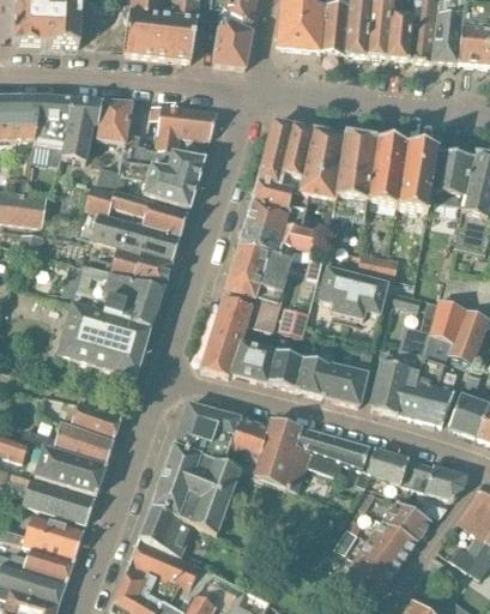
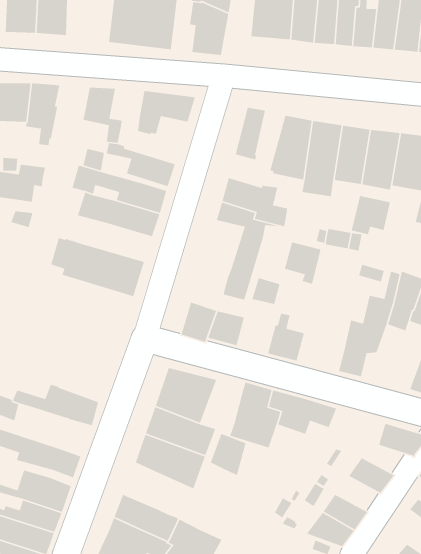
building: [62,98,103,162] -> none
building: [283,126,314,179] -> none
building: [134,145,204,183] -> none
building: [253,174,292,209] -> none
building: [225,245,270,297] -> none
building: [92,247,171,289] -> none
building: [344,276,387,319] -> [351,195,391,235]
building: [212,297,252,342] -> none
building: [58,303,151,378] -> none
building: [262,337,303,389] -> none
building: [397,357,455,425] -> none
building: [327,366,367,404] -> none
building: [71,401,122,440] -> none
building: [229,416,268,463] -> [210,433,246,476]
building: [35,447,107,494] -> none
building: [356,449,422,487] -> none
building: [139,506,192,556] -> none
building: [368,520,417,559] -> none

